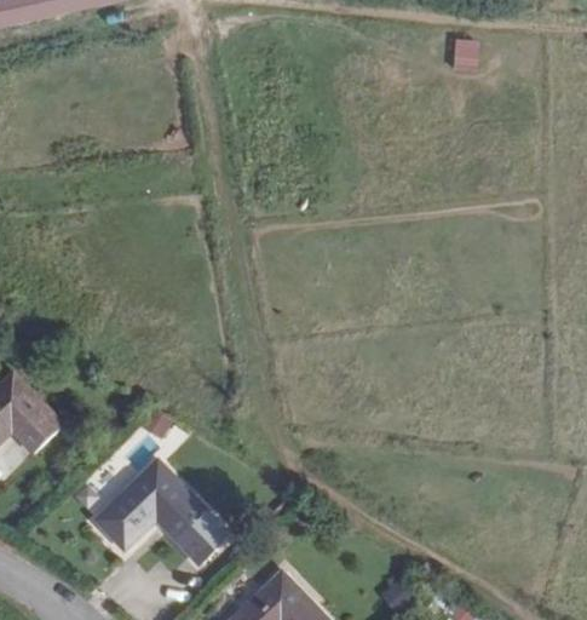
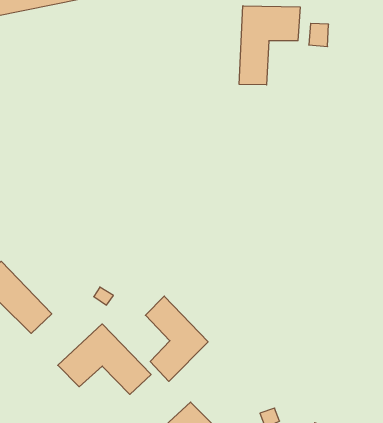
building: none -> [239,6,300,85]
building: none -> [145,296,208,381]

